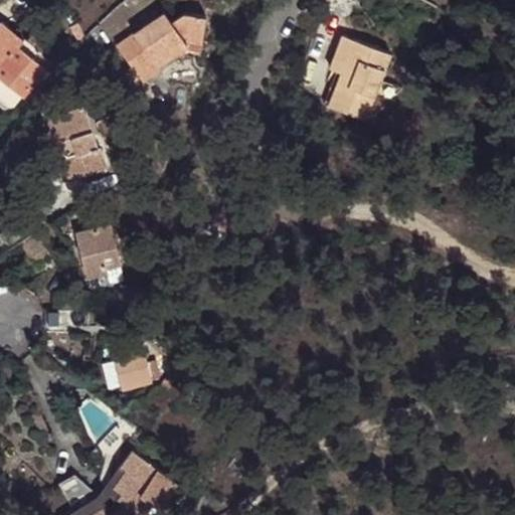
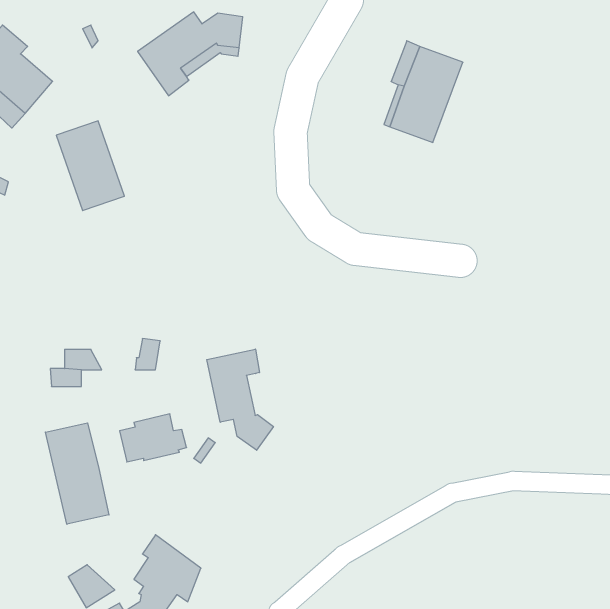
building: [75,224,123,288] -> none
building: none -> [207,349,273,450]
building: none -> [45,423,109,524]

